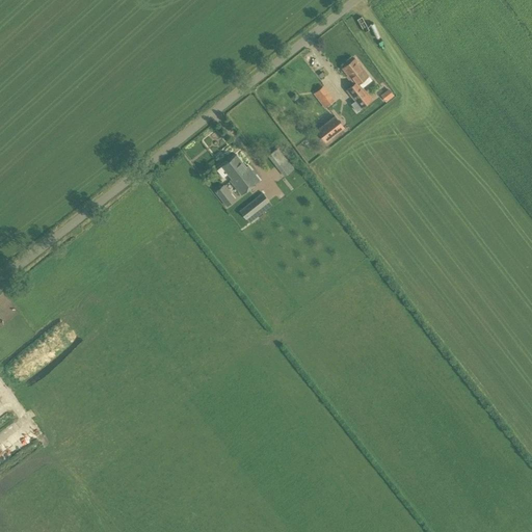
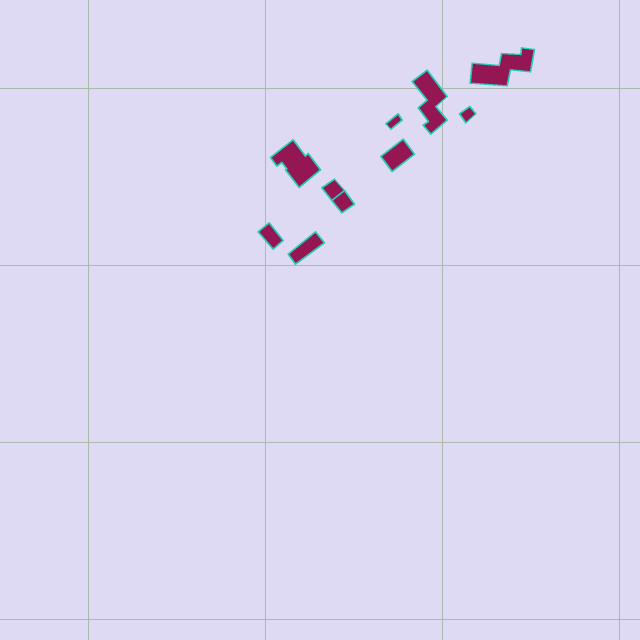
building: none -> [470,48,534,86]
building: [217,155,259,194] -> [270,140,321,187]

